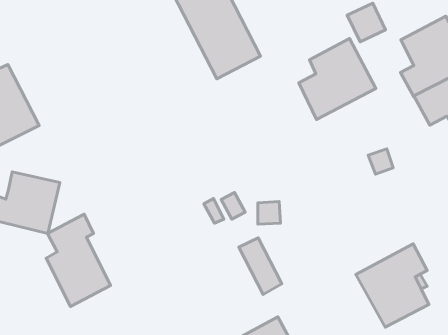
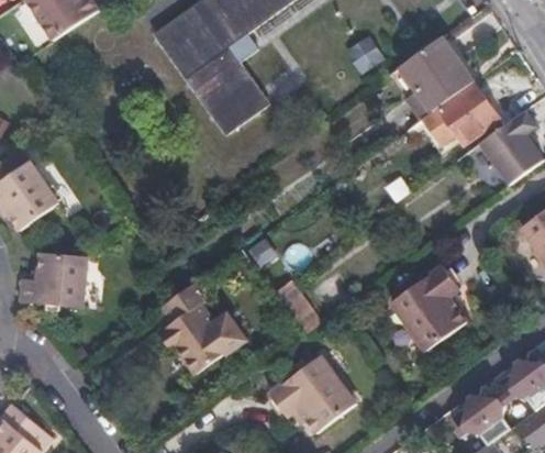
building: [299,39,376,119] -> none
building: [46,214,111,307] -> [162,281,231,374]

